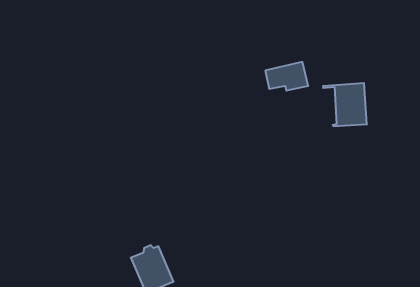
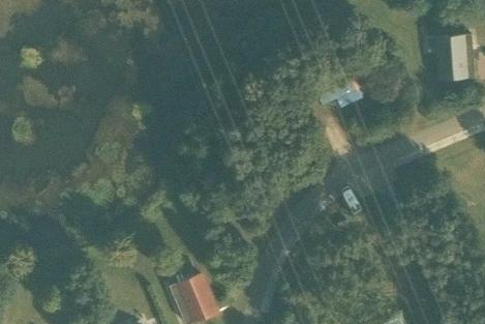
building: [323,83,367,126] -> [426,34,474,81]

